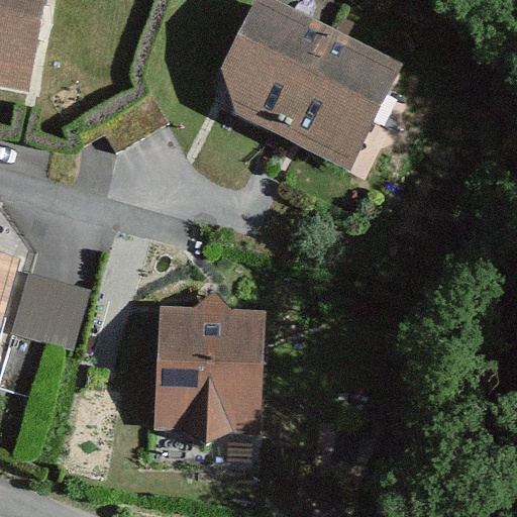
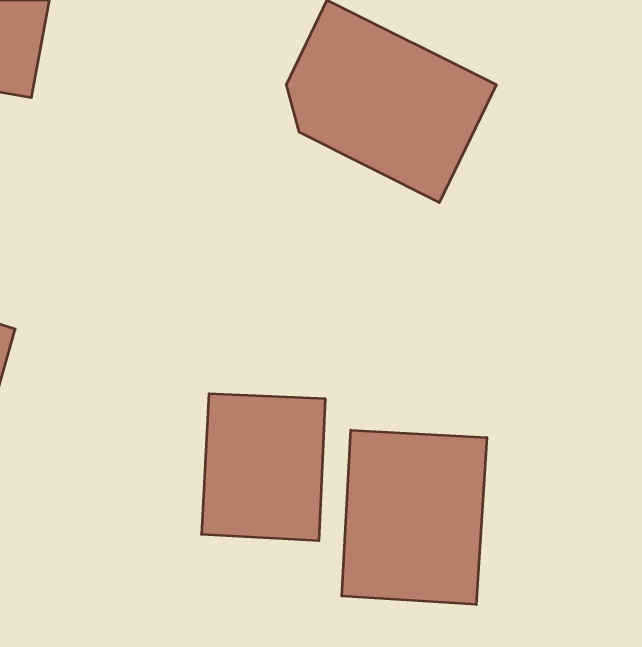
building: [11,273,87,345] -> none
building: none -> [342,430,487,605]

